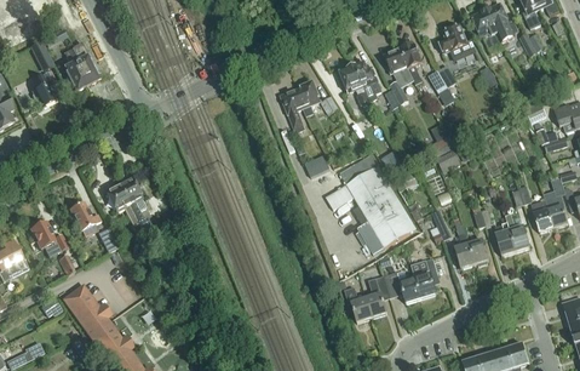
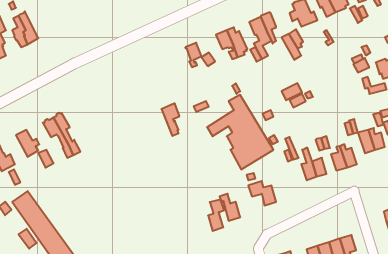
building: [281,90,305,133] -> [161,104,179,136]
building: [410,258,438,297] -> none
building: [366,275,387,318] -> [208,199,224,231]

